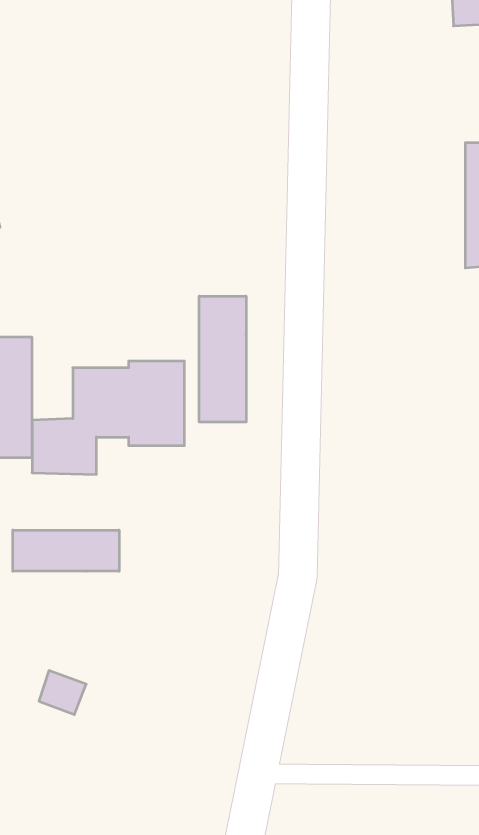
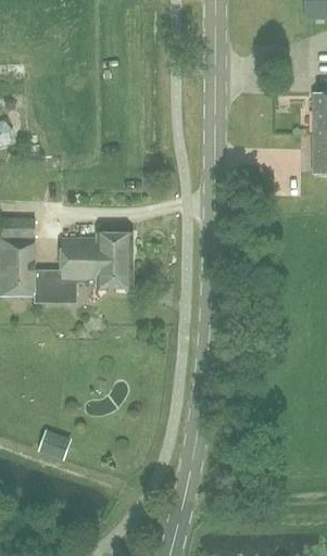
building: [199,296,246,422] -> none
building: [13,530,119,571] -> none

